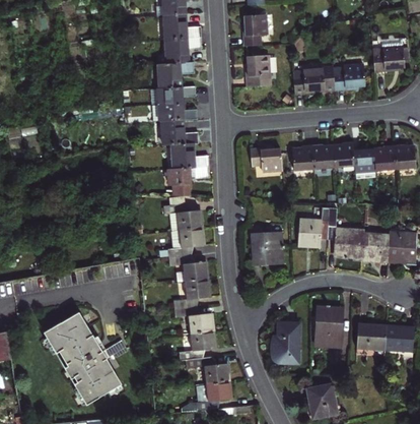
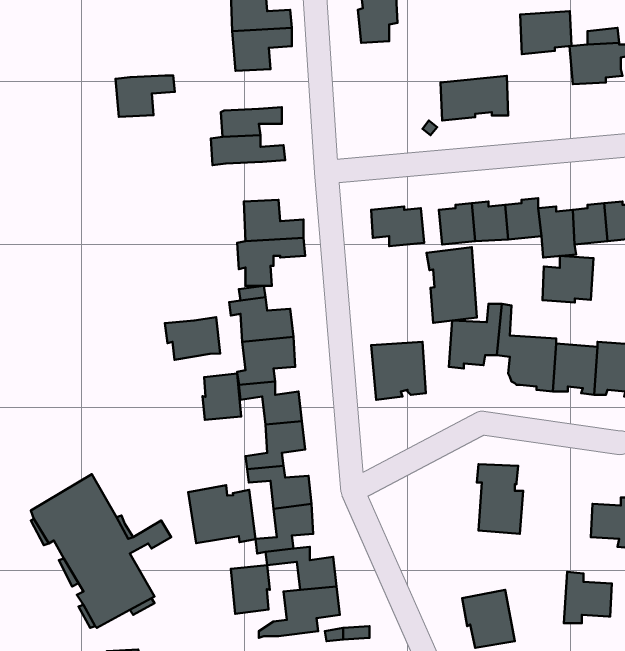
building: [244,55,269,87] -> none
building: [157,63,194,88] -> [115,75,175,117]
building: [333,65,364,92] -> [520,11,571,54]
building: [160,120,198,145] -> none
building: none -> [426,247,477,323]
building: none -> [543,256,594,302]
building: none -> [165,317,220,360]
building: none -> [202,373,241,420]
building: none -> [188,485,255,543]
building: [271,322,299,364] -> none
building: [356,323,386,355] -> [564,572,612,623]
building: none -> [231,565,270,614]

